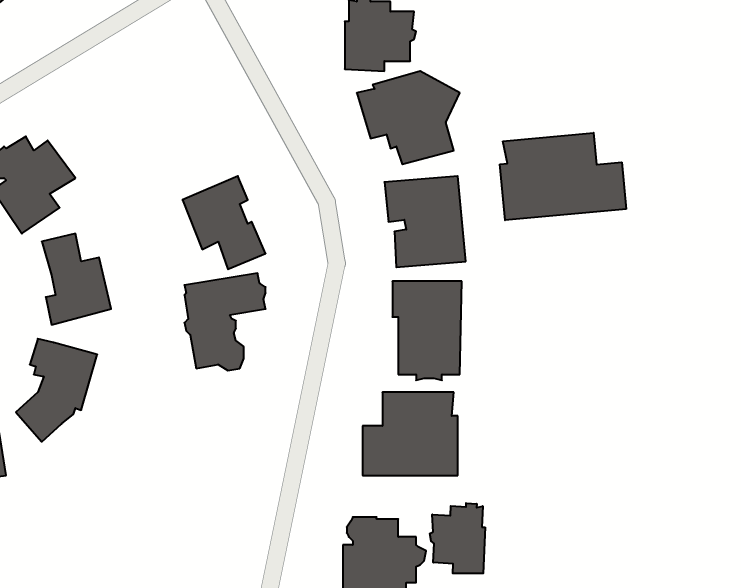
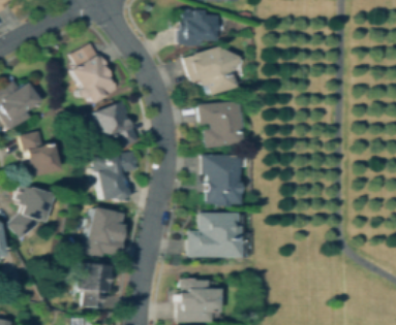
building: none -> [73,41,119,102]
building: [500,133,626,220] -> none
building: none -> [85,206,126,256]
building: none -> [77,261,110,307]
building: [430,503,485,573] -> none

